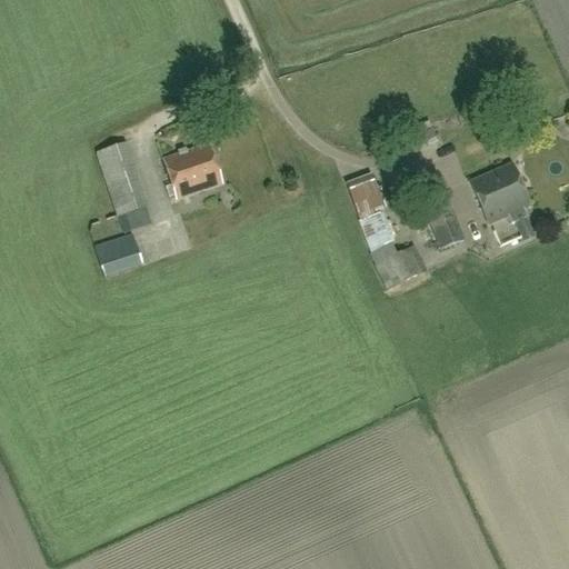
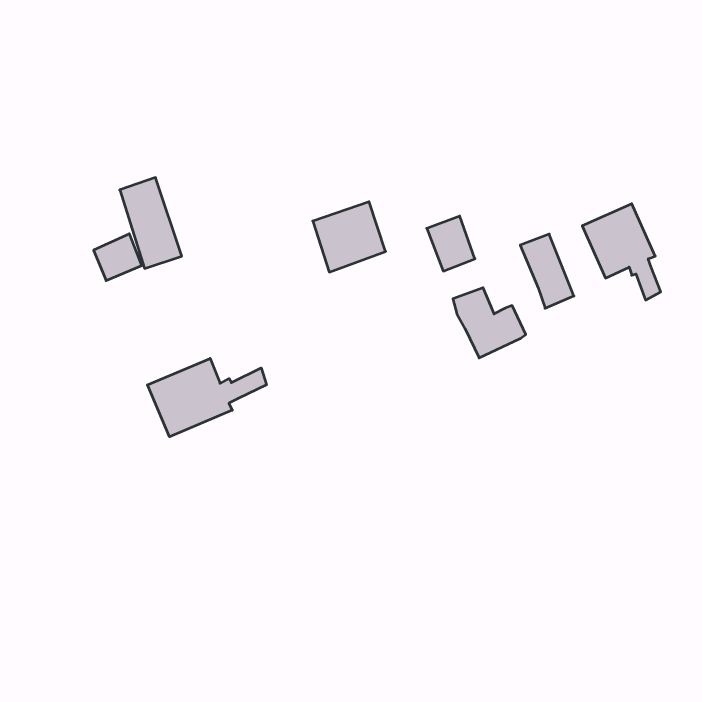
building: [163,143,222,200] -> [313,202,386,272]
building: [109,230,148,268] -> [94,234,142,281]
building: none -> [147,358,266,437]

